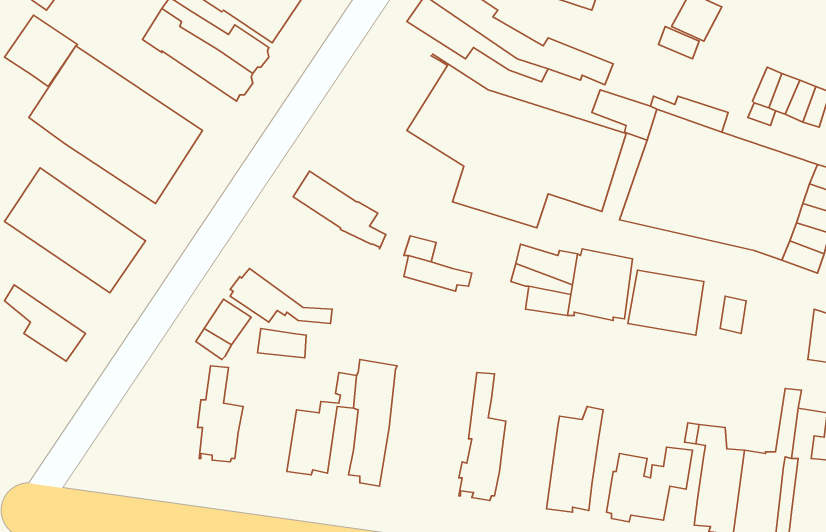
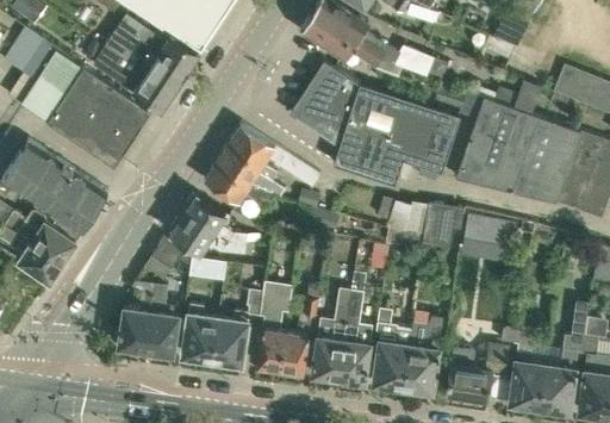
building: none -> [92,46,174,112]
building: none -> [228,125,319,187]
building: none -> [204,162,273,205]
building: none -> [183,195,245,244]
building: none -> [6,210,76,262]
building: none -> [113,281,155,354]
building: none -> [312,288,350,381]
building: none -> [279,299,318,377]
building: none -> [182,305,218,363]
building: none -> [373,309,410,391]

